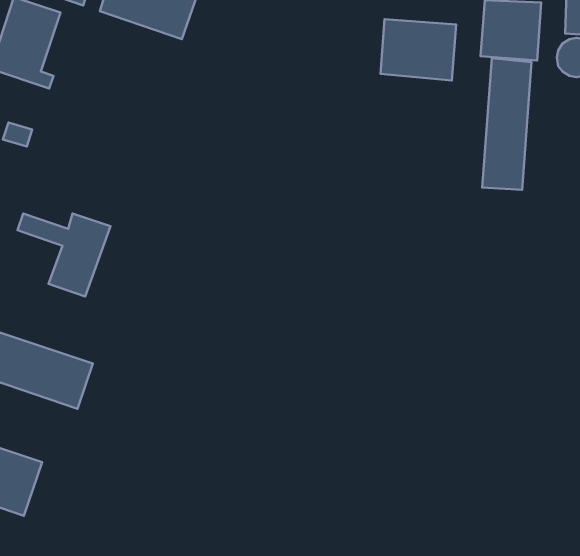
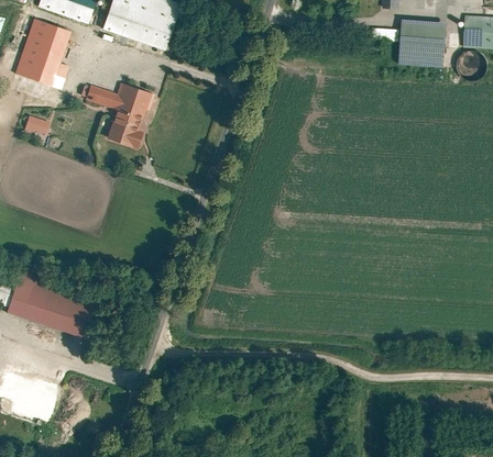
building: [380,19,456,80] -> none
building: [482,58,532,190] -> none
building: [17,213,111,297] -> [80,83,153,148]

